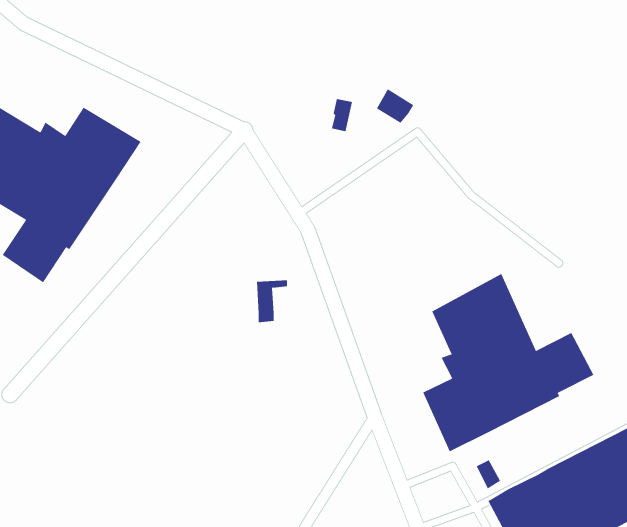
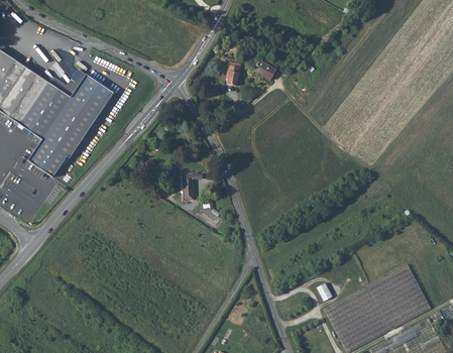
building: [423,273,594,452] -> none

